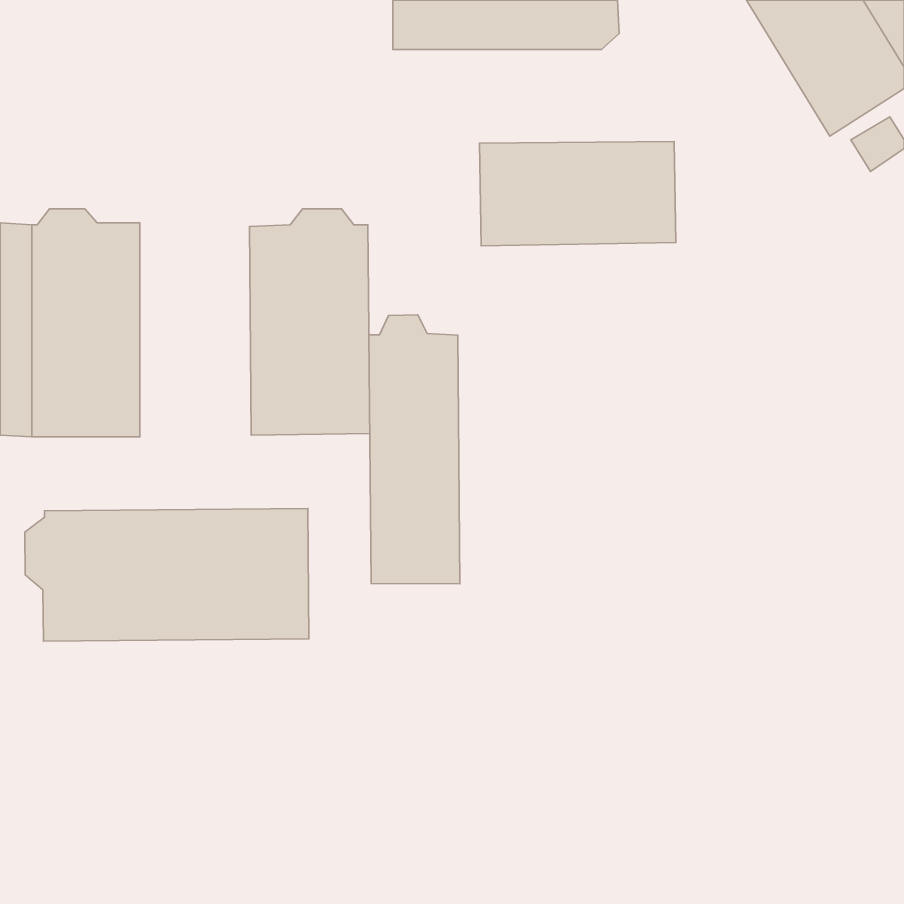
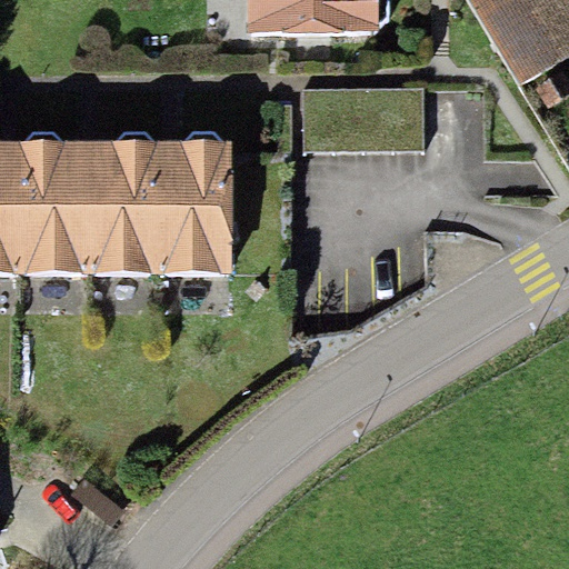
building: none -> [88,131,158,274]
building: [369,315,460,584] -> none
building: [25,508,309,641] -> none

